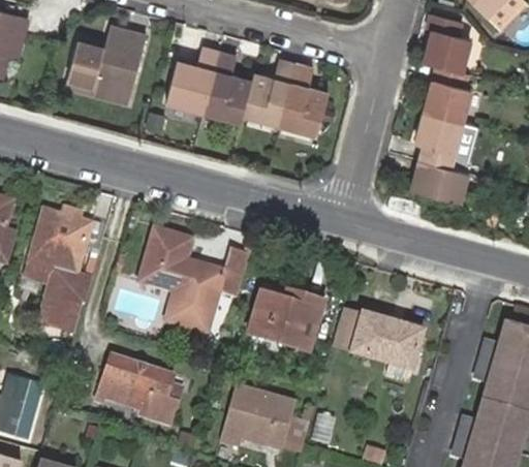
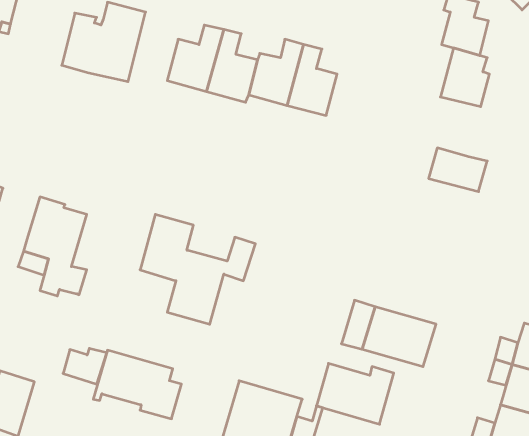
building: [419,115,465,172] -> none
building: [249,292,322,350] -> [316,363,394,424]
building: [40,298,82,332] -> [63,348,107,384]

